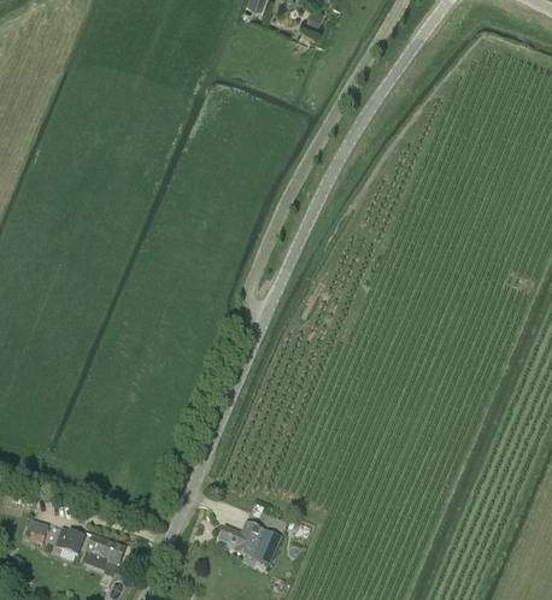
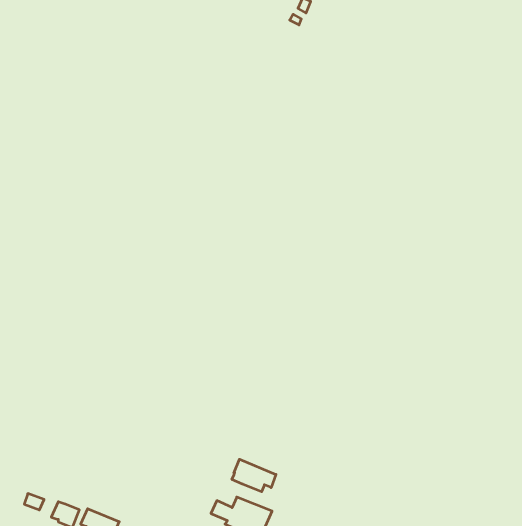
building: none -> [232,459,276,492]

